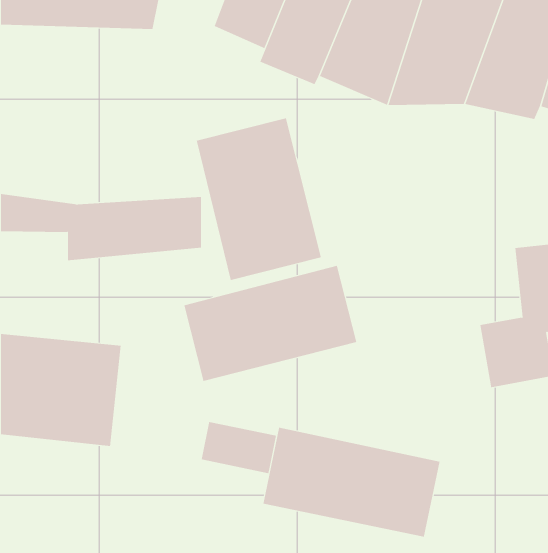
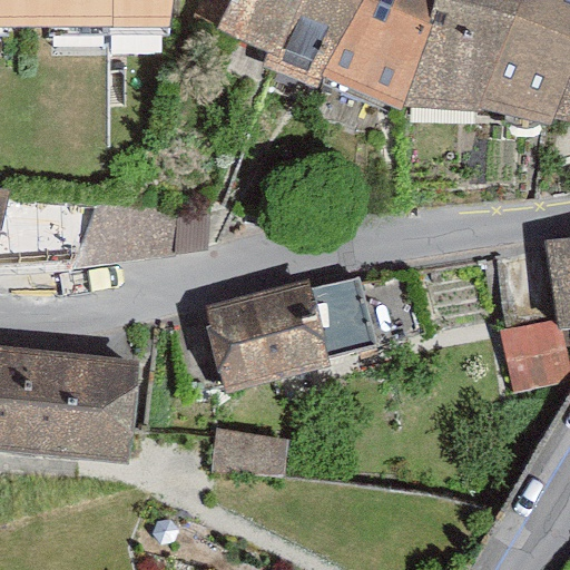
building: [196,118,322,281] -> none
building: [263,427,440,537] -> none

